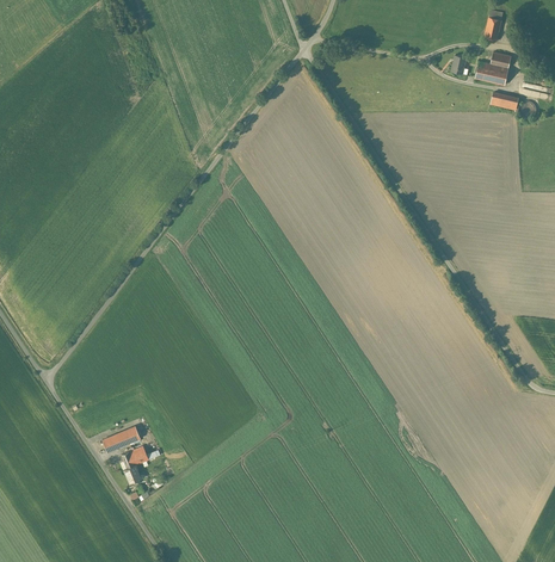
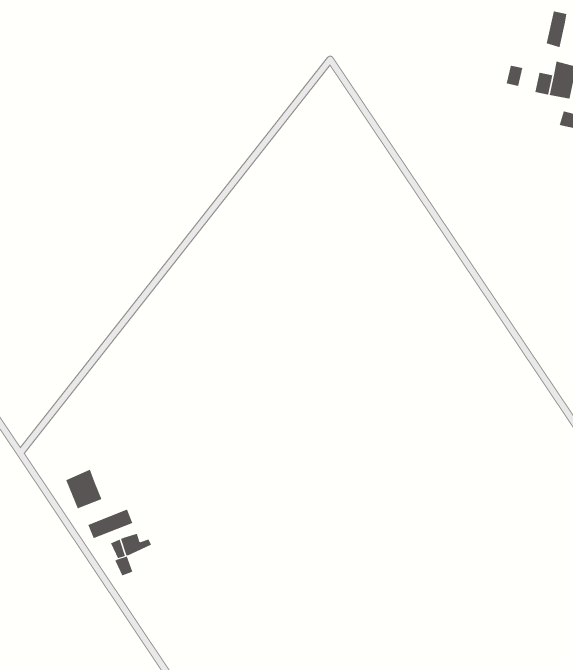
building: none -> [65,469,102,509]

